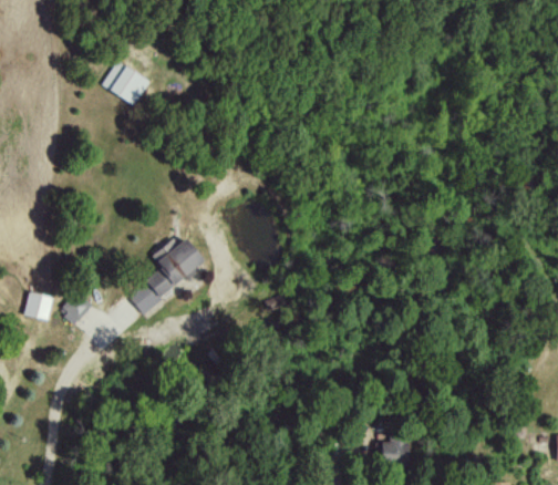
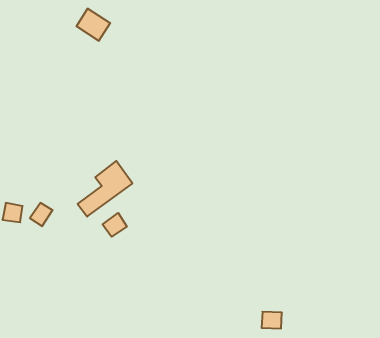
building: [103,61,149,105] -> [76,9,110,41]
building: none -> [103,213,127,237]

